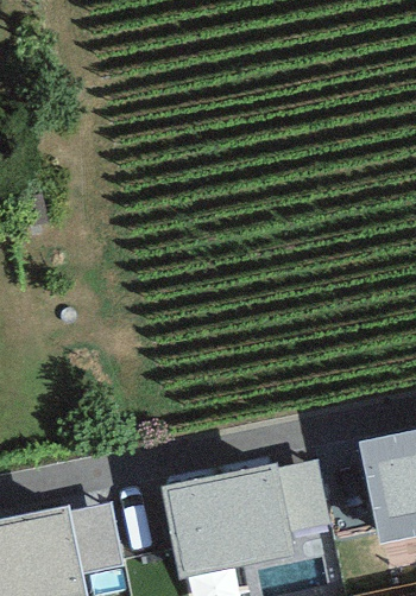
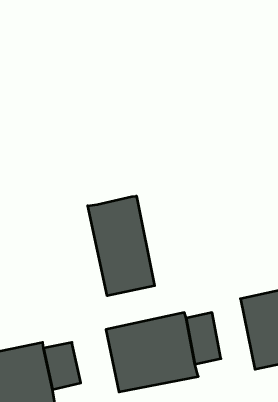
building: none -> [88,196,155,296]

